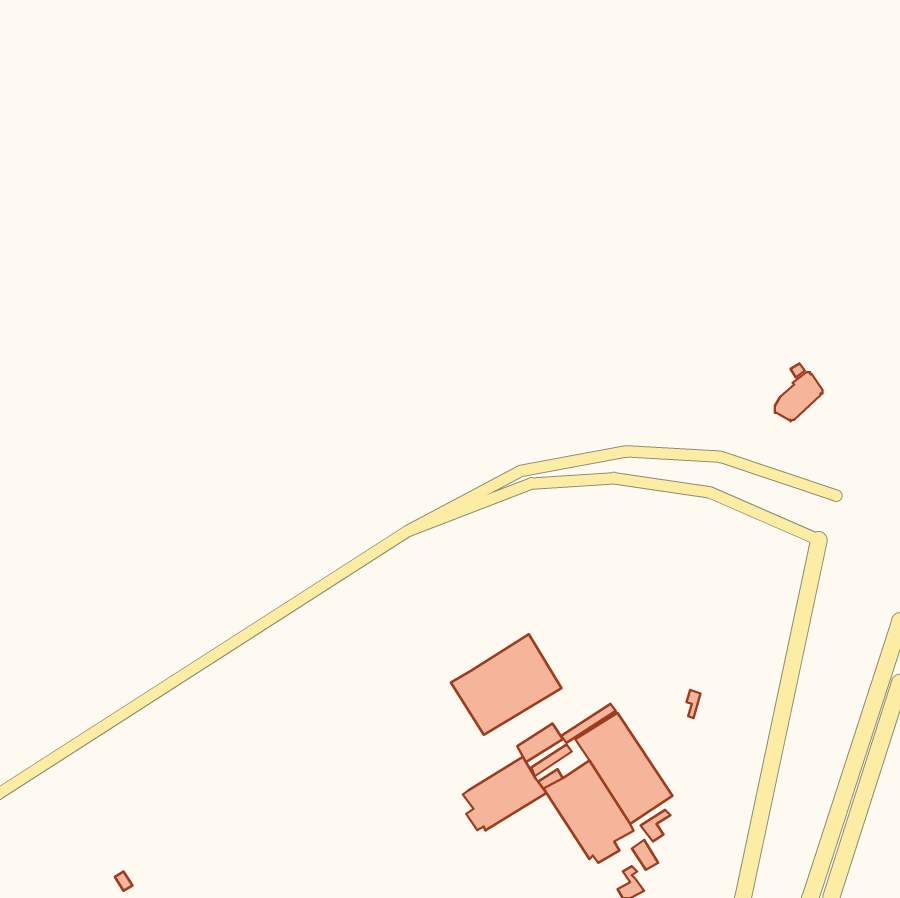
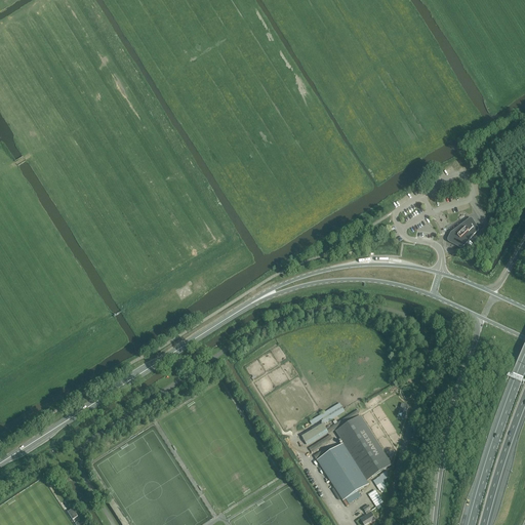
building: [451,634,561,735] -> none
building: [463,757,546,830] -> none

